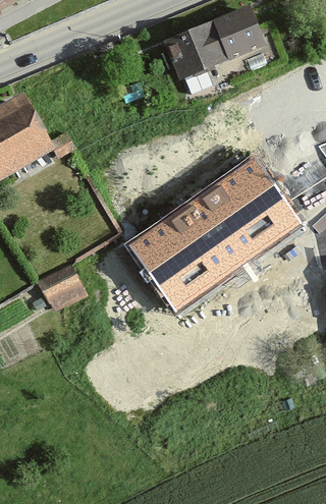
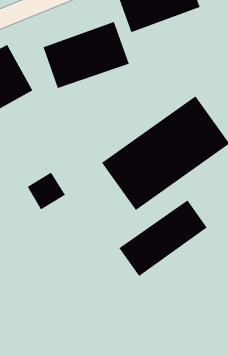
building: none -> [43,21,129,89]
building: none -> [119,199,208,277]

